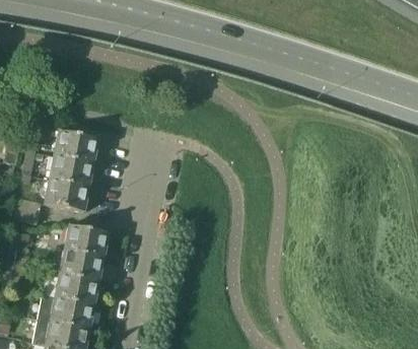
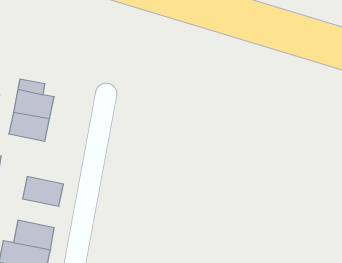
building: [43,180,87,213] -> none
building: [58,251,102,282] -> none

